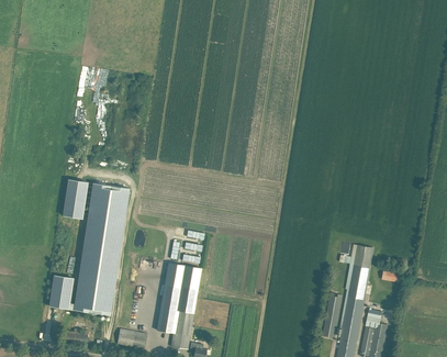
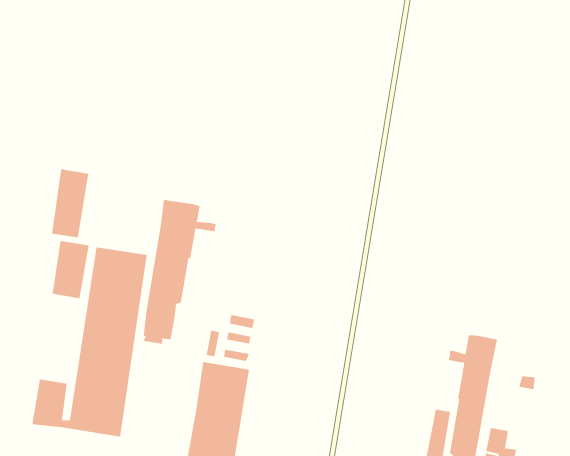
building: none -> [51,169,89,238]
building: none -> [143,199,217,345]

